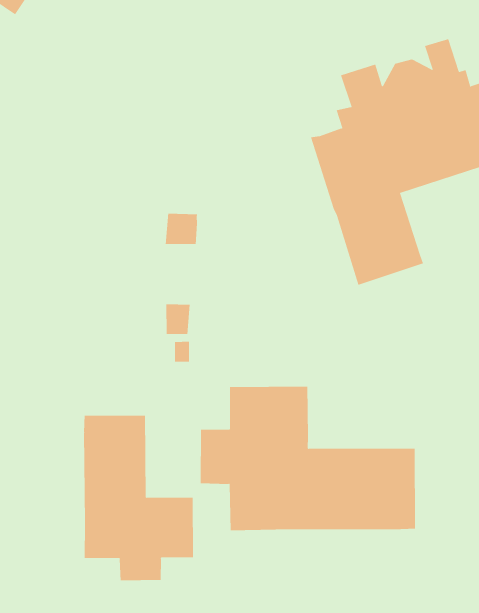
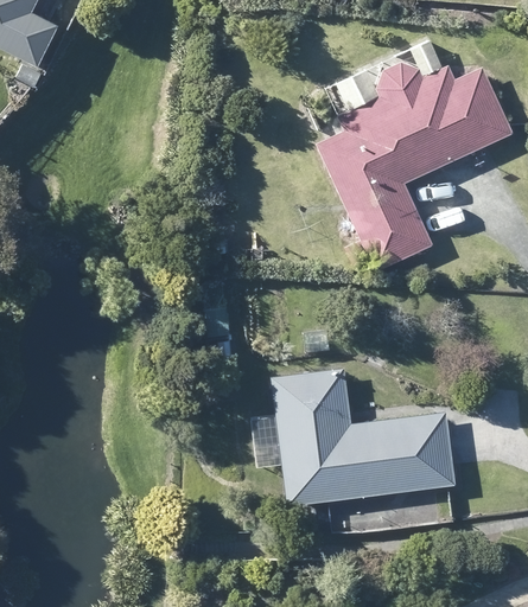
building: [84,415,193,581] -> none

